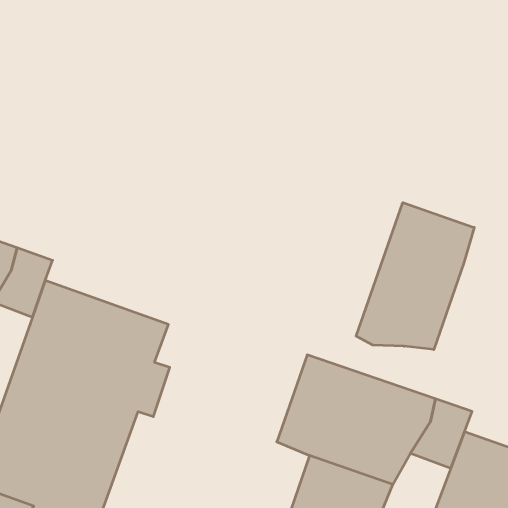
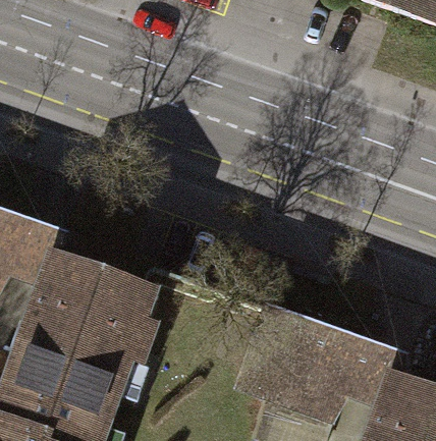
building: [356,203,474,350] -> none

